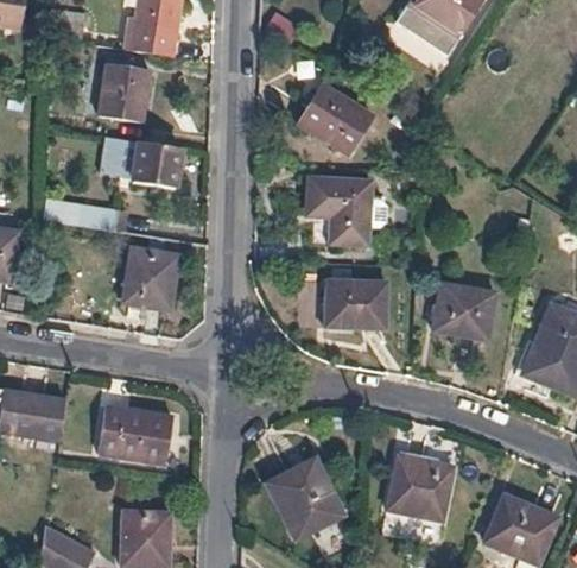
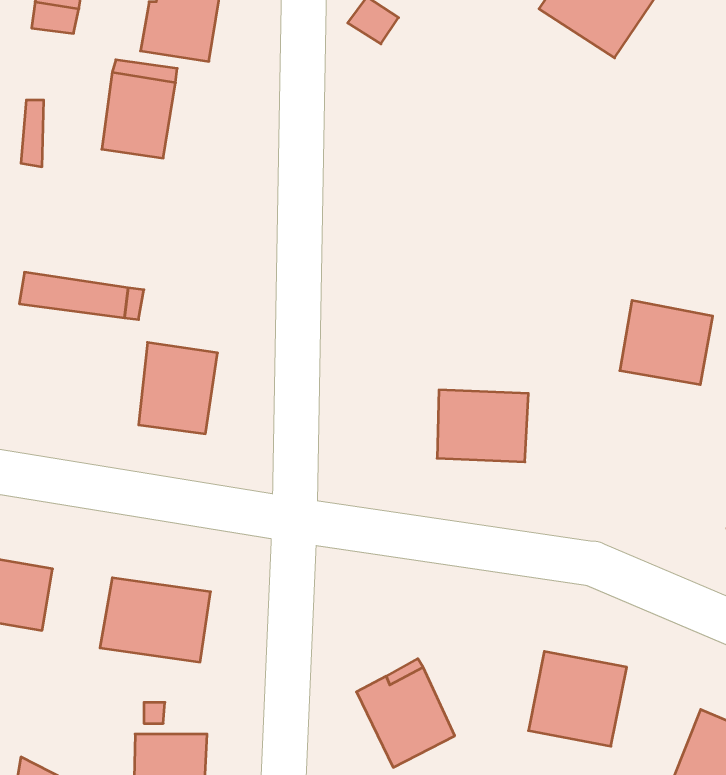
building: [299,84,372,154] -> none
building: [97,137,178,189] -> none
building: [306,177,370,245] -> none
building: [432,283,495,340] -> [620,300,713,385]

